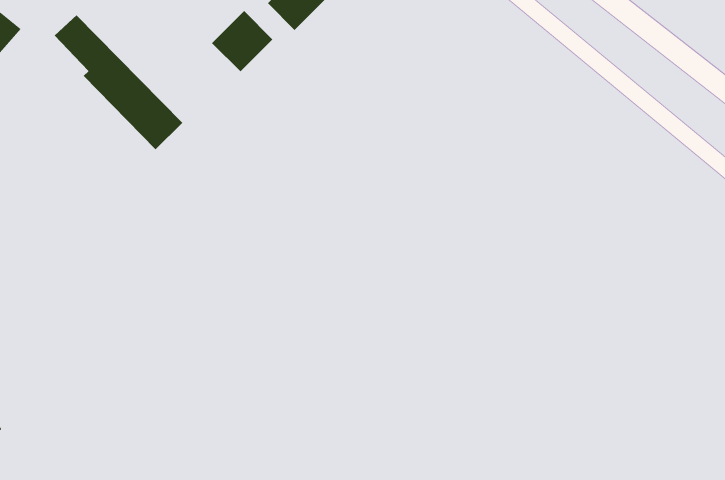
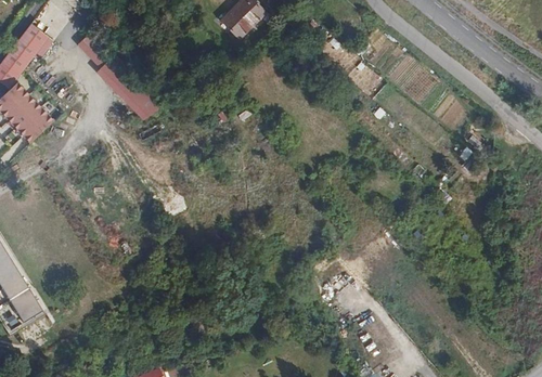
building: [211,10,273,72] -> none

